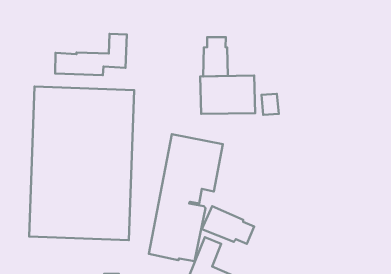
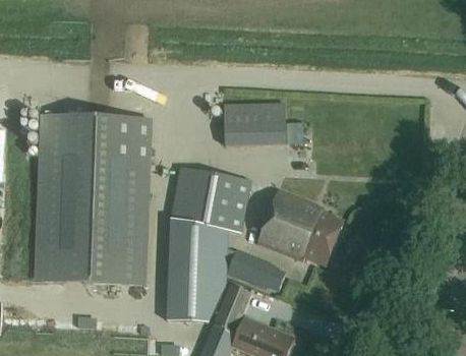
building: [55,34,127,75] -> none
building: [203,37,228,76] -> none
building: none -> [256,189,344,265]

